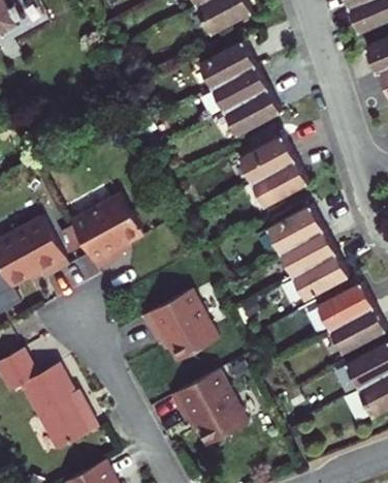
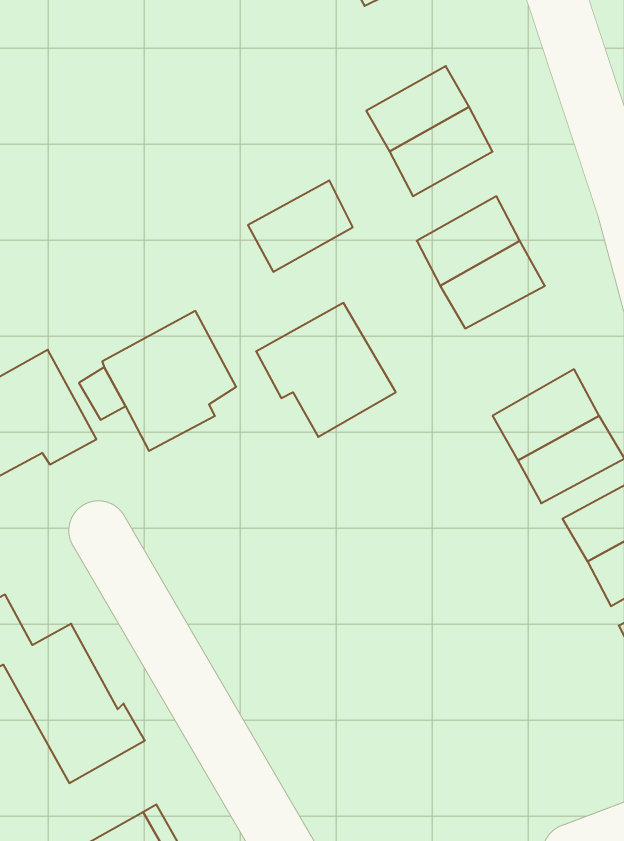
building: [199,41,255,90] -> [248,180,353,272]
building: [267,206,323,252] -> none
building: [143,292,218,363] -> [256,303,396,437]
building: [170,369,245,446] -> none

